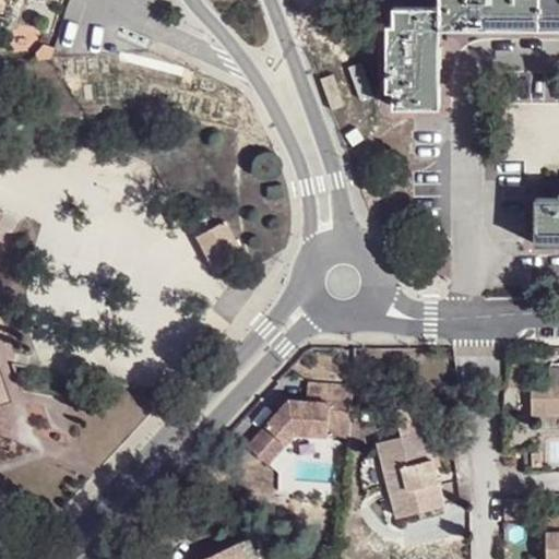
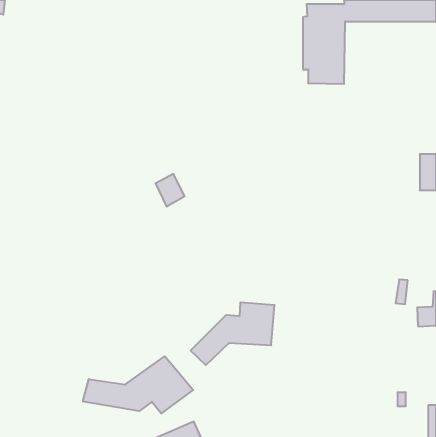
building: [379,411,443,519] -> none
building: none -> [83,356,193,413]

